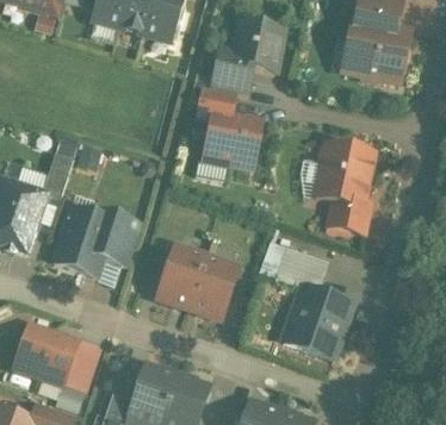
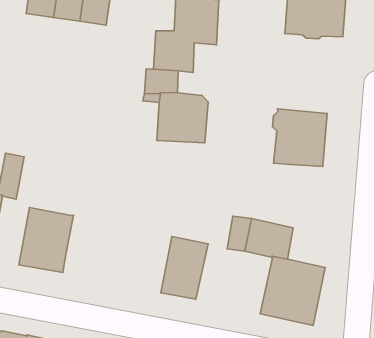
building: [327,200,371,233] -> none
building: [101,217,136,264] -> none
building: [156,245,206,308] -> none

